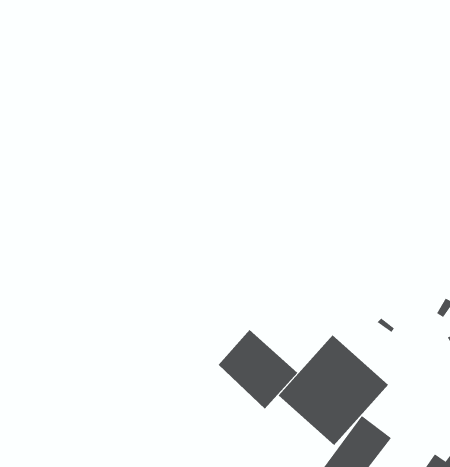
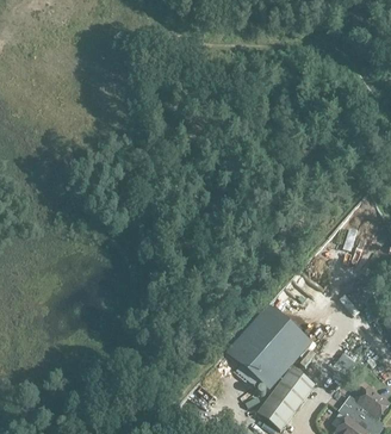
building: [218,329,298,409] -> none

